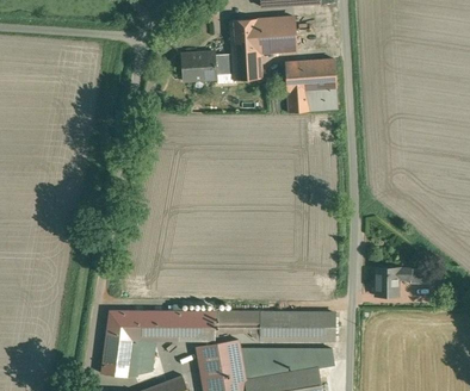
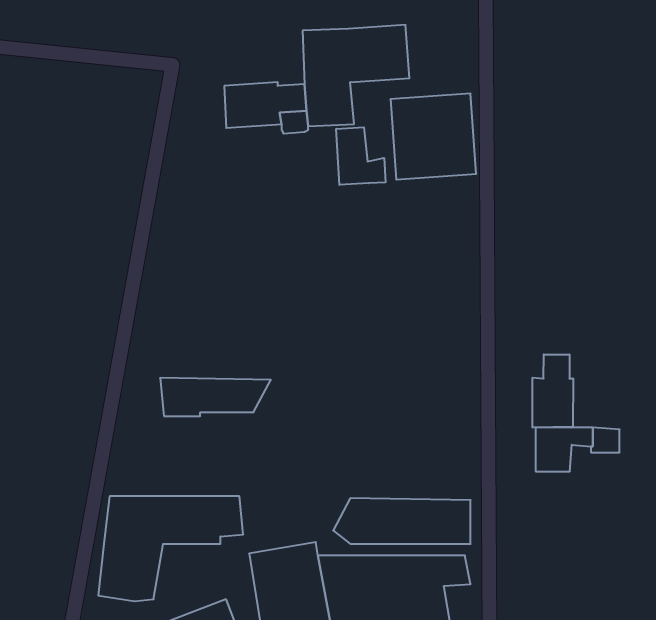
building: none -> [336,127,385,185]
building: none -> [533,354,573,428]
building: [191,311,260,335] -> [160,378,271,416]

